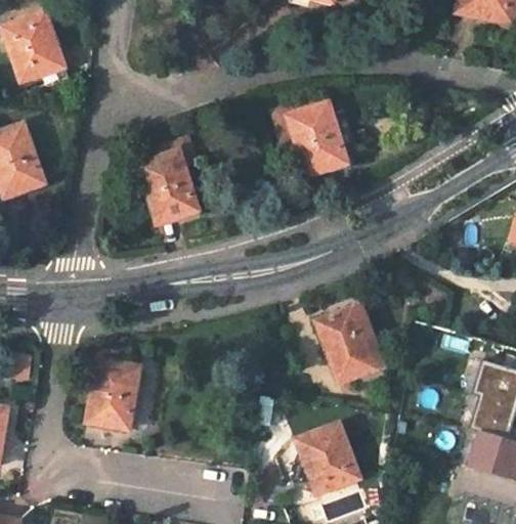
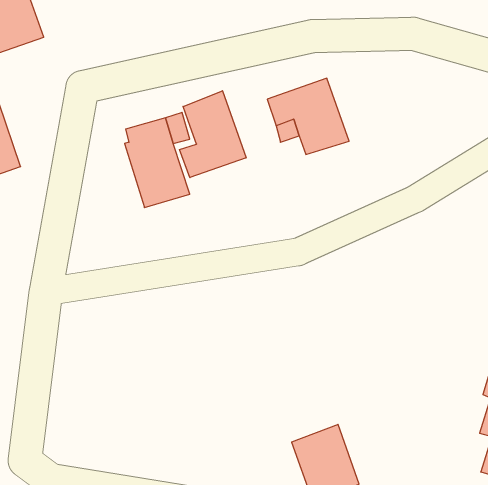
building: none -> [180,91,246,178]
building: [316,306,379,382] -> none
building: [89,361,138,429] -> none

